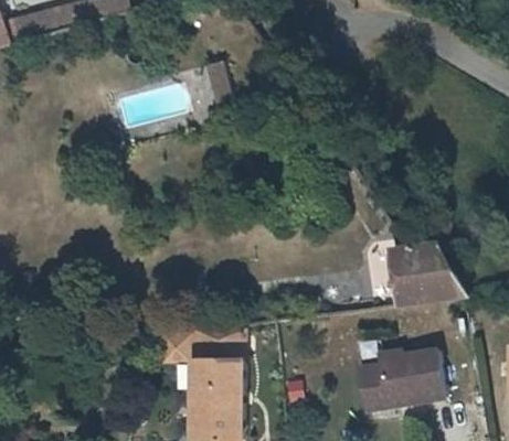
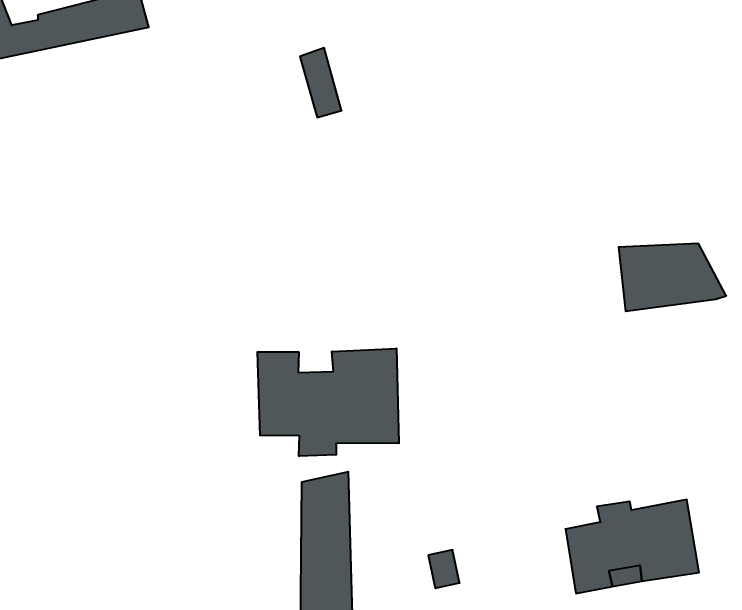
building: none -> [257,348,399,456]
building: [397,260,466,303] -> [619,244,726,311]

